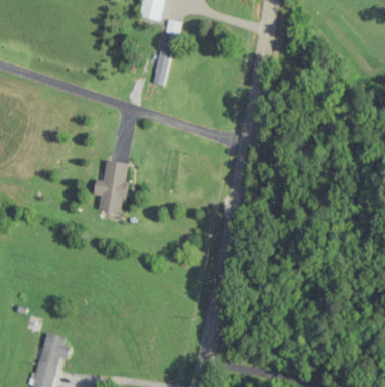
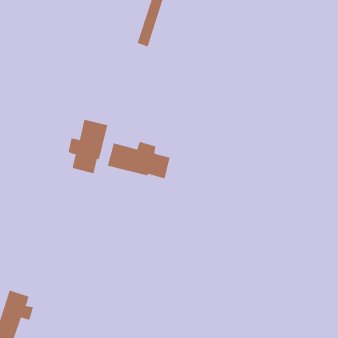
building: none -> [107,141,170,179]

